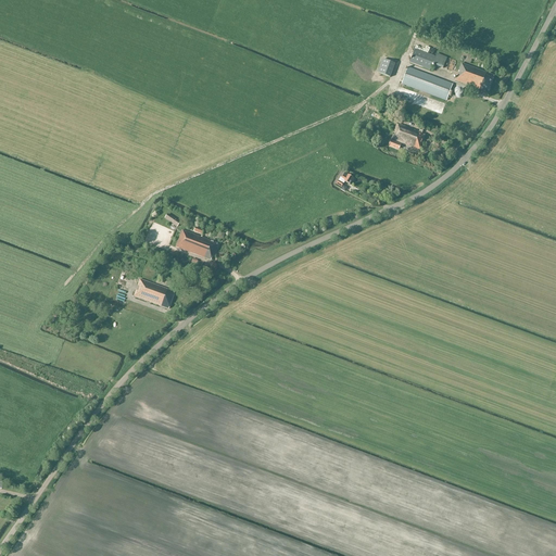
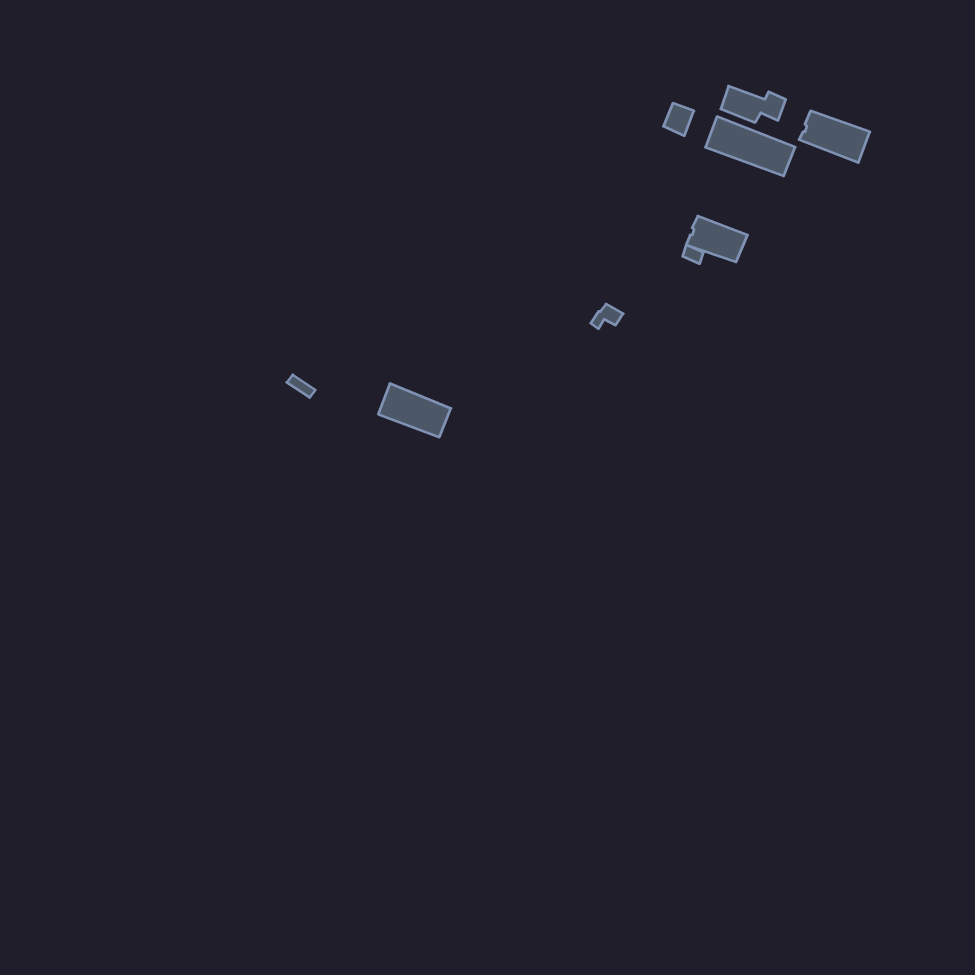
building: [175,229,216,260] -> [378,384,451,437]
building: [132,279,174,308] -> none

